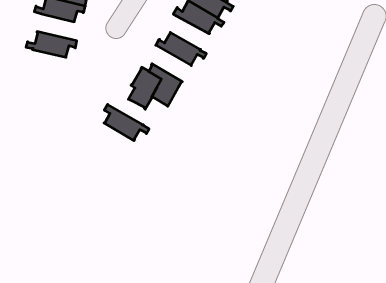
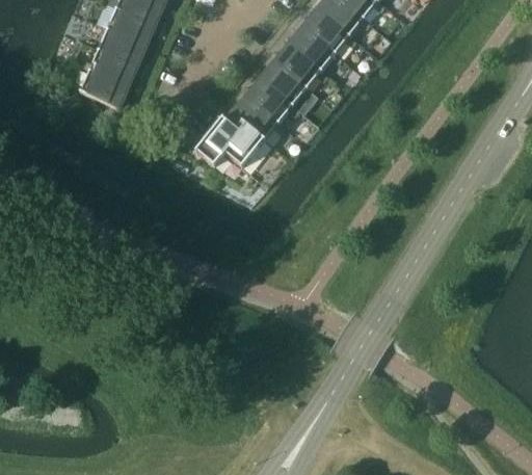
building: none -> [90,27,148,68]
building: none -> [261,55,314,104]
building: none -> [73,69,130,110]
building: [104,104,149,141] -> [232,89,286,139]

